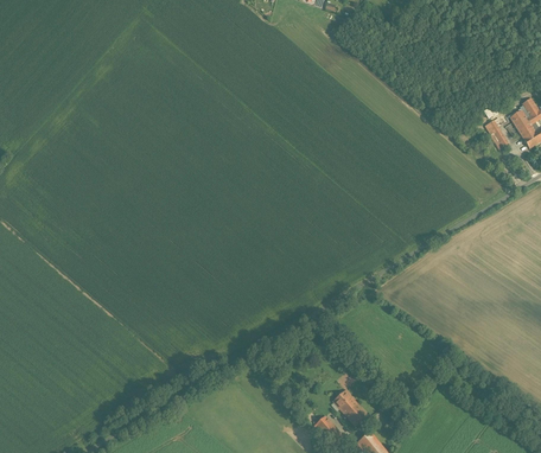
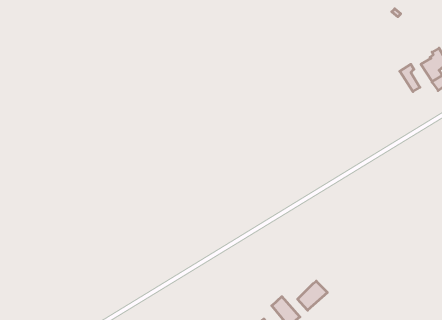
building: none -> [298,281,327,310]

